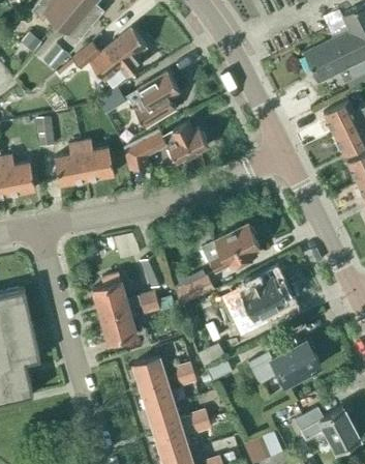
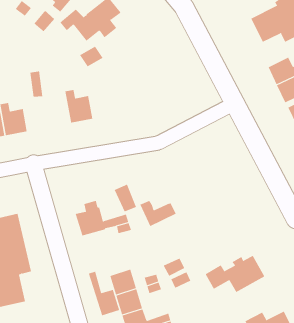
building: [126,71,180,128] -> none
building: [124,123,208,170] -> none
building: [54,142,87,185] -> none
building: [203,225,260,273] -> none
building: [223,277,290,320] -> none
building: [100,309,136,343] -> none
building: none -> [88,271,120,316]

